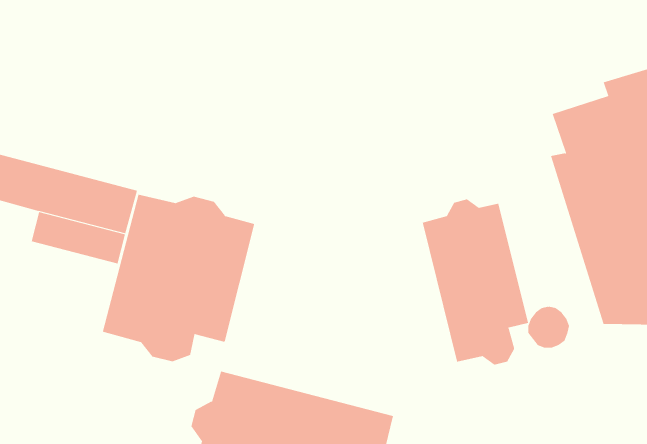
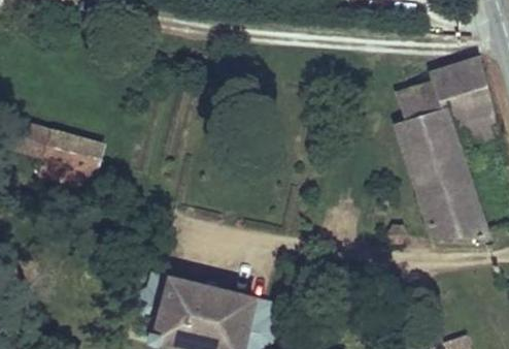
building: [102,194,255,362] -> none
building: [422,199,529,366] -> none

